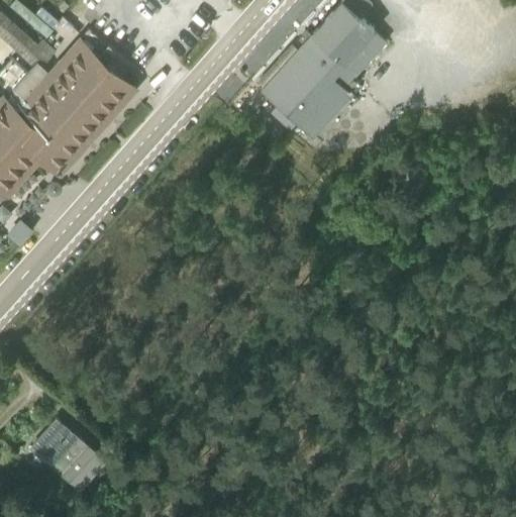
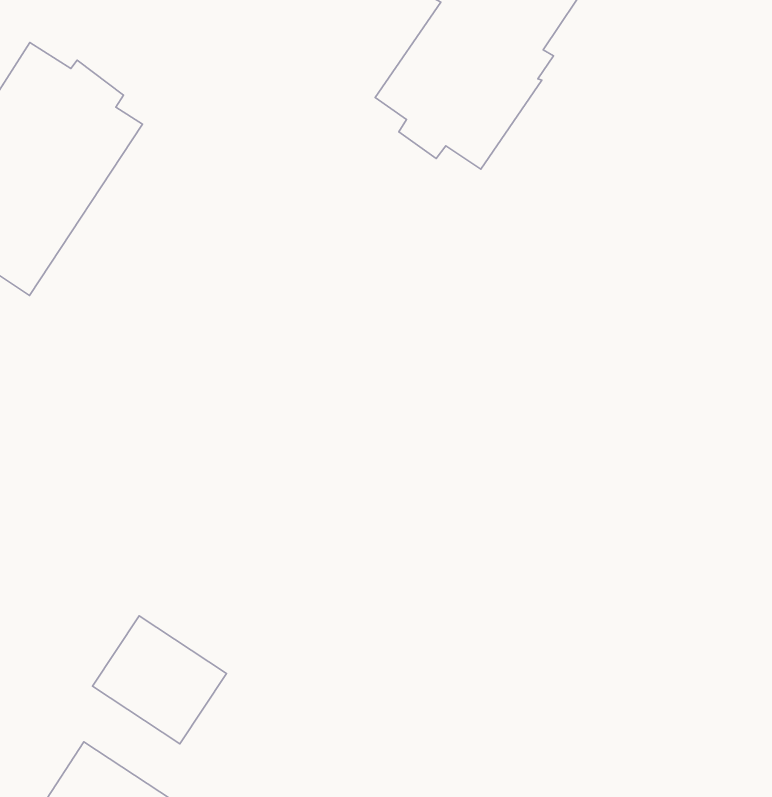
building: none -> [93,616,227,744]

